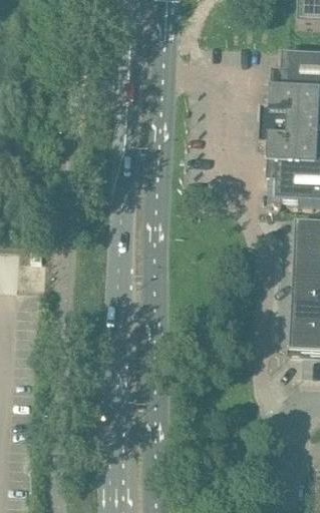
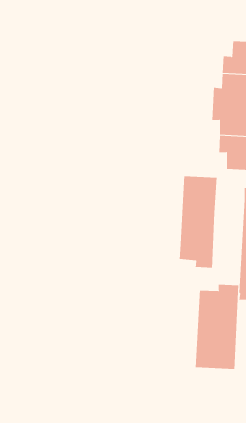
building: none -> [179,176,217,268]
building: none -> [195,284,239,370]

